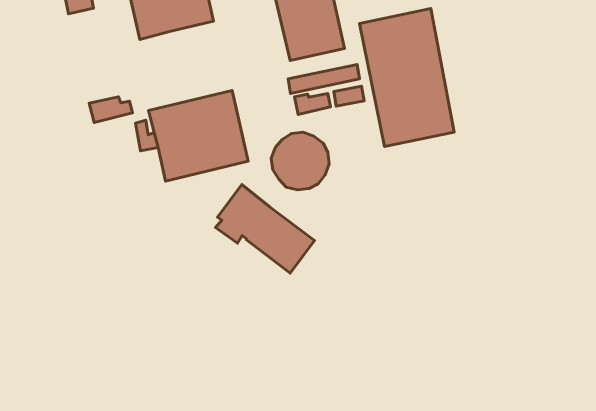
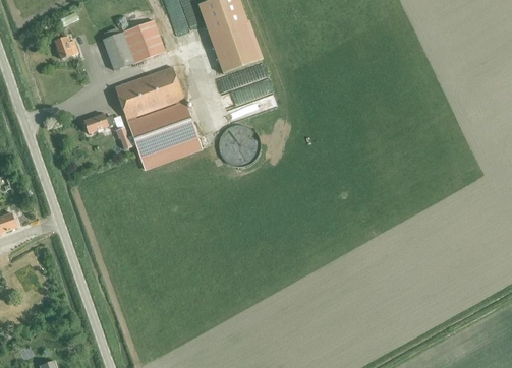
building: [359,8,454,146] -> none
building: none -> [115,67,184,121]
building: [216,185,314,273] -> none

